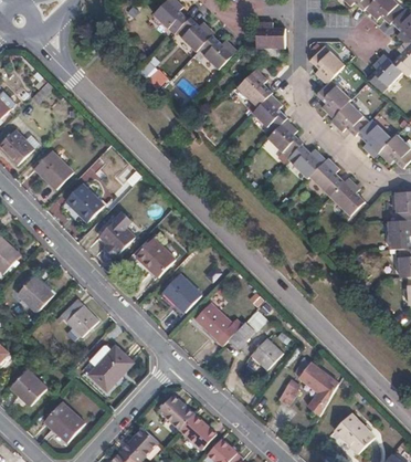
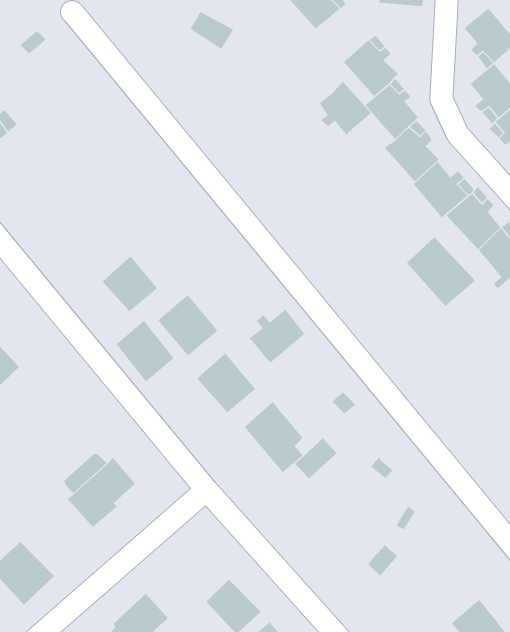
building: none -> [319,81,372,136]
building: [34,151,72,189] -> none
building: [65,183,104,222] -> none
building: none -> [406,237,476,307]
building: none -> [248,308,305,364]
building: [60,298,97,337] -> [115,320,175,382]
building: [251,338,283,370] -> none
building: [299,365,337,417] -> none
building: [158,395,193,430] -> none

